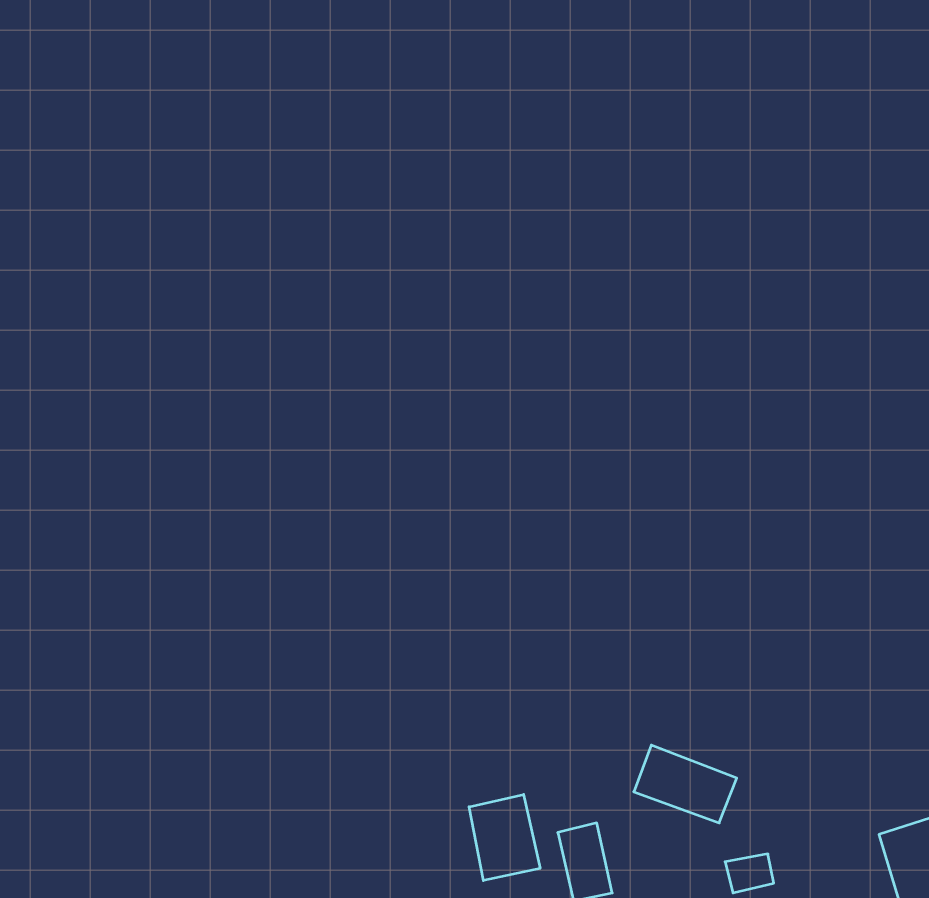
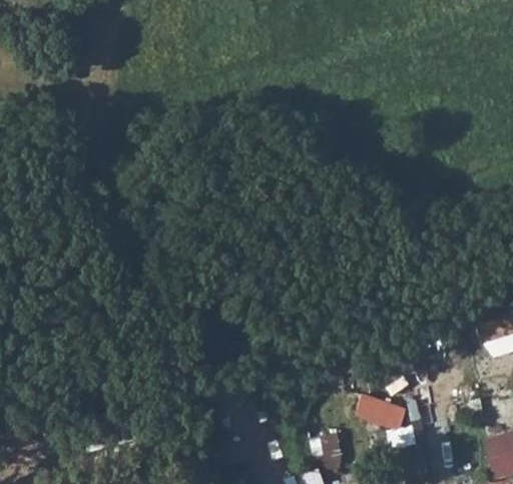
building: [469,794,540,881] -> none

